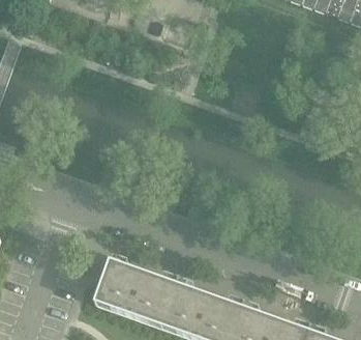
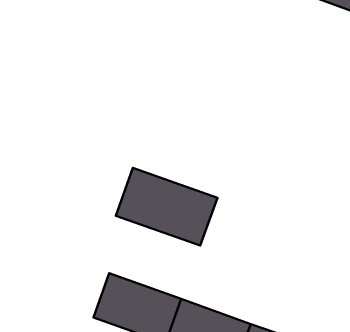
building: none -> [116,168,217,246]

